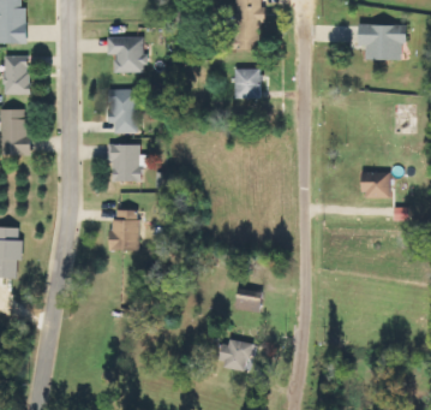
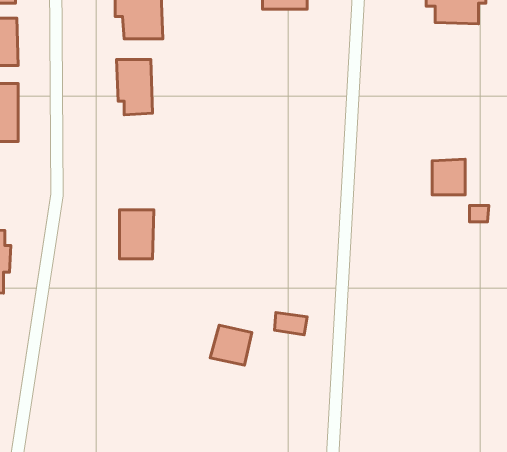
building: [233,69,262,99] -> none
building: [109,144,143,182] -> none
building: [219,338,252,370] -> [210,325,252,365]

